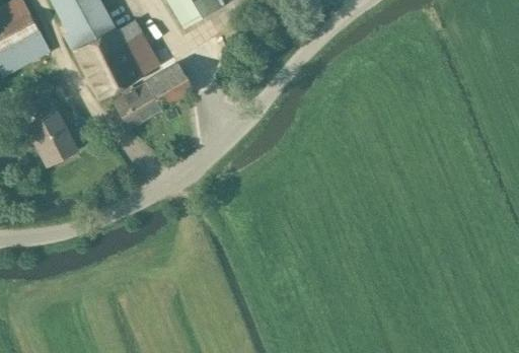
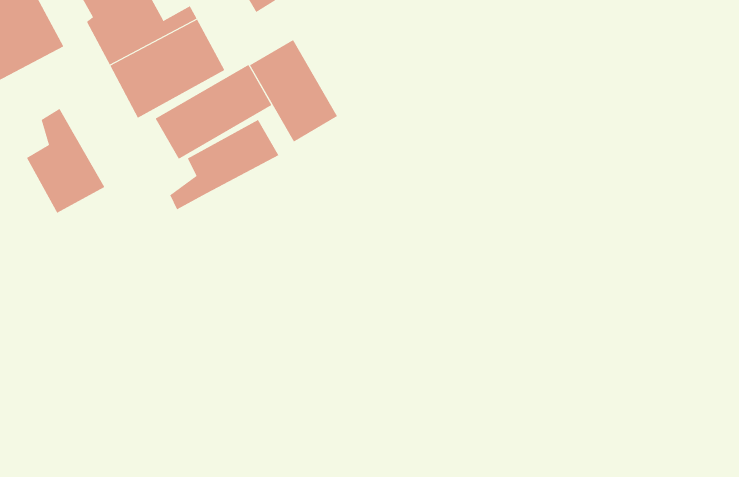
building: none -> [249,39,338,142]
building: none -> [170,119,279,210]

